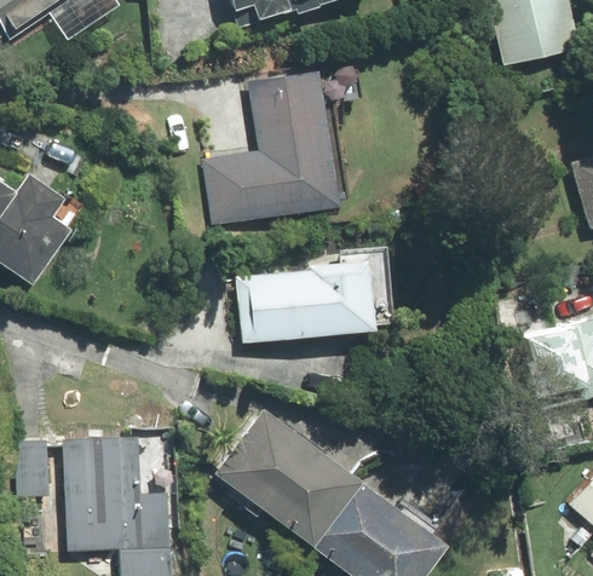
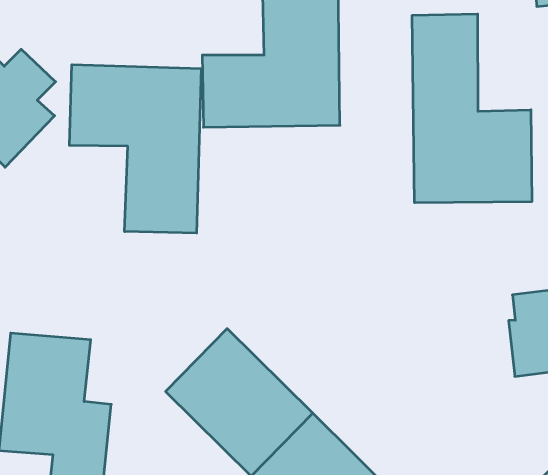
building: none -> [412,14,532,203]
building: none -> [69,65,201,233]
building: [235,254,374,341] -> none

